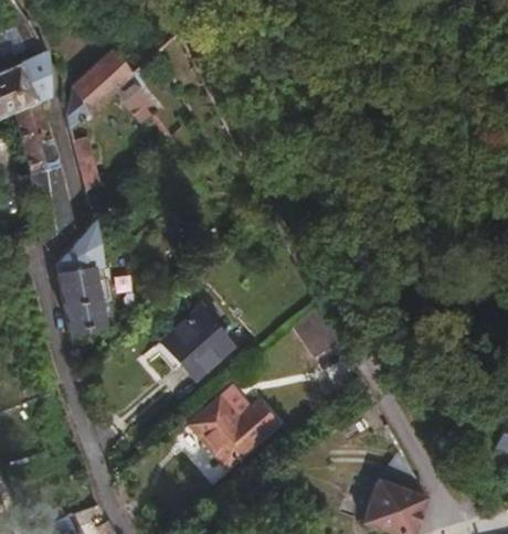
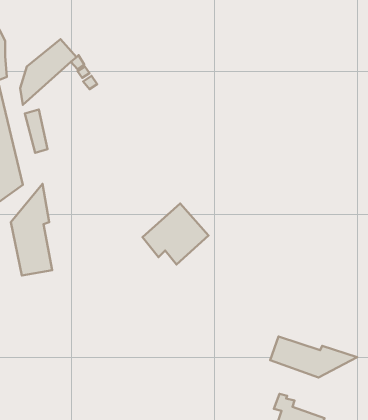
building: [156,308,233,380] -> [143,204,208,265]
building: [191,402,277,469] -> none
building: none -> [270,336,357,378]

